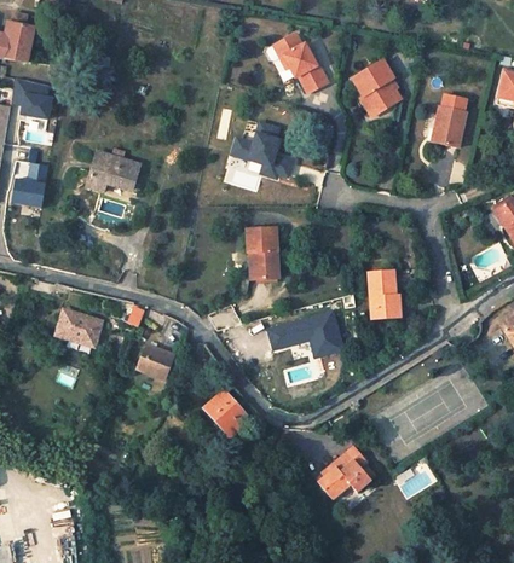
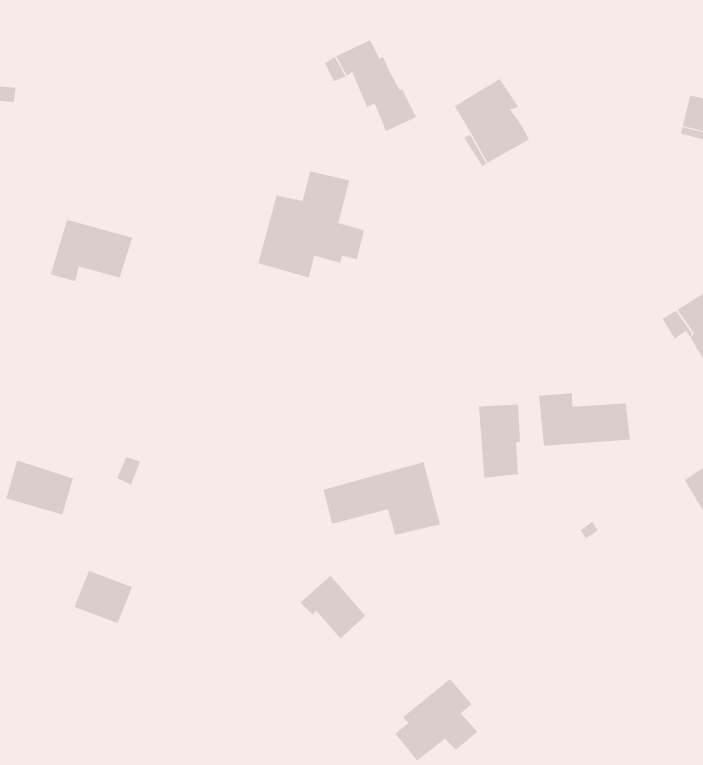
building: [433,94,466,149] -> none
building: [247,227,281,279] -> none
building: none -> [538,393,631,447]
building: [137,344,175,379] -> [74,570,133,624]
building: [204,389,248,431] -> [299,575,366,640]

